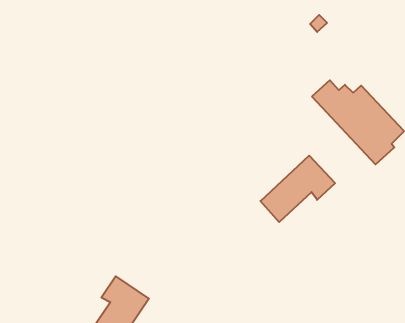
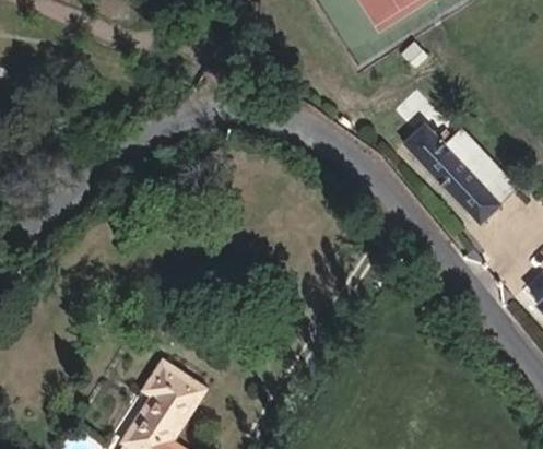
building: [260,156,335,222] -> none

